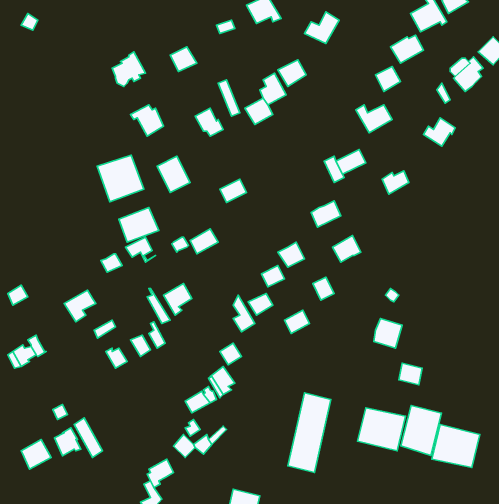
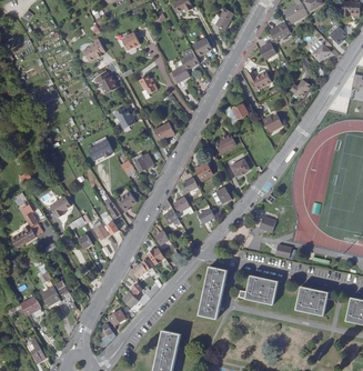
building: [97,155,144,202] -> none
building: [401,406,442,455] -> none

